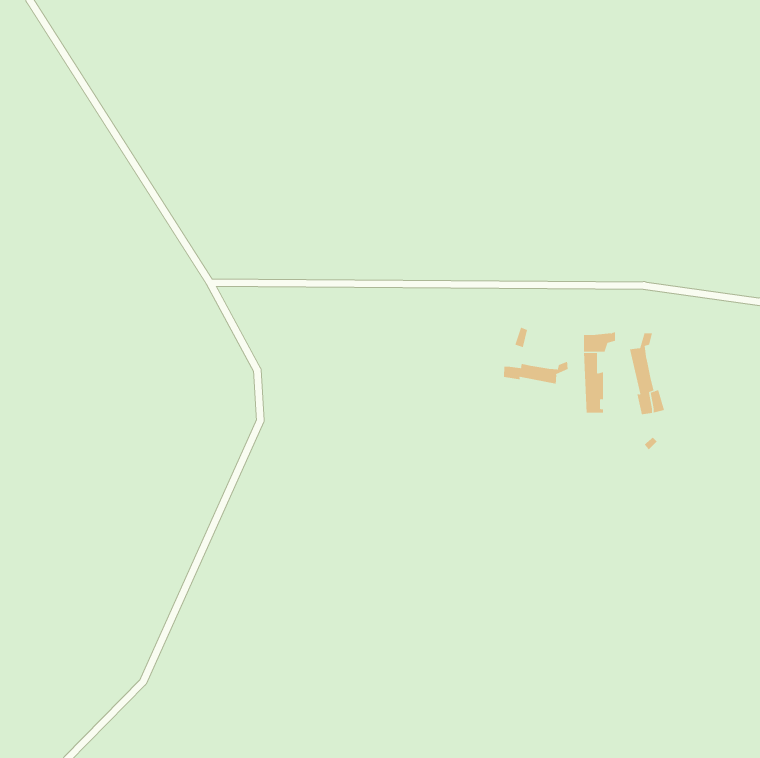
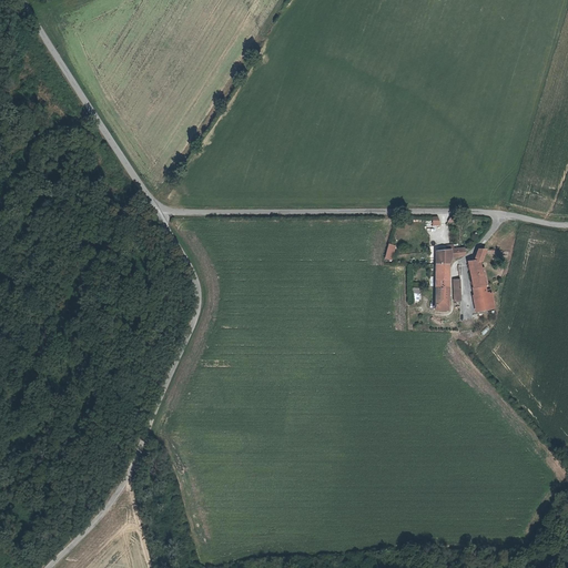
building: [503,361,568,384] -> none

